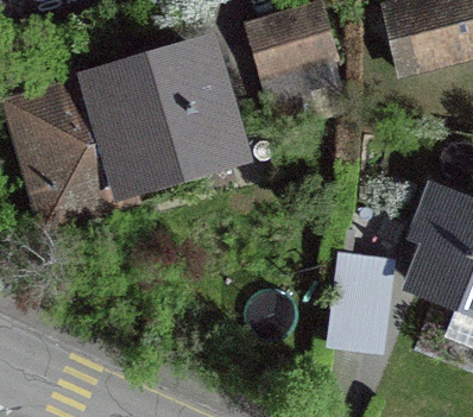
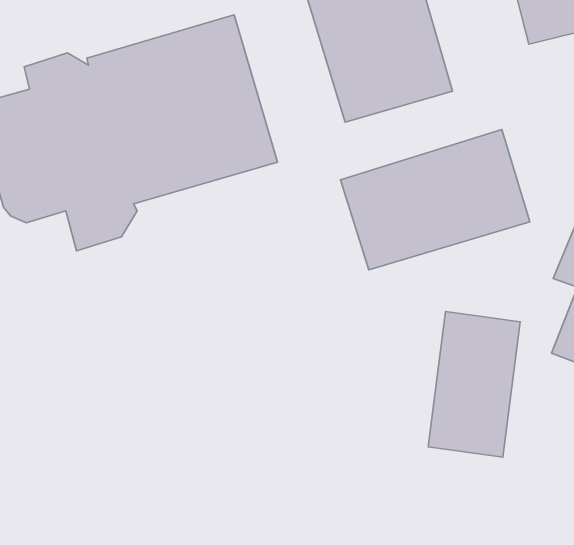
building: none -> [340,129,530,270]

